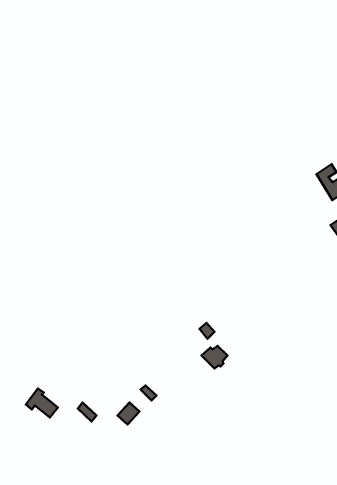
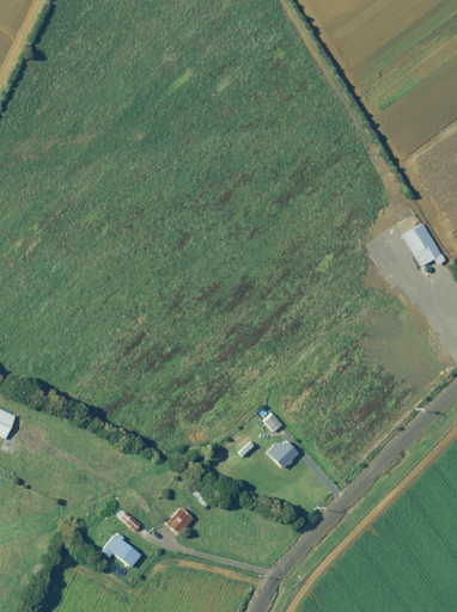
building: [26,389,58,418] -> [102,532,140,567]

